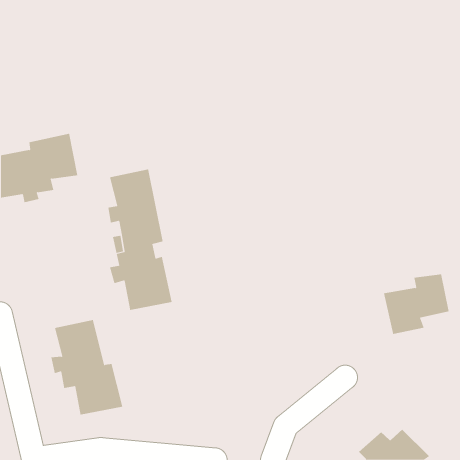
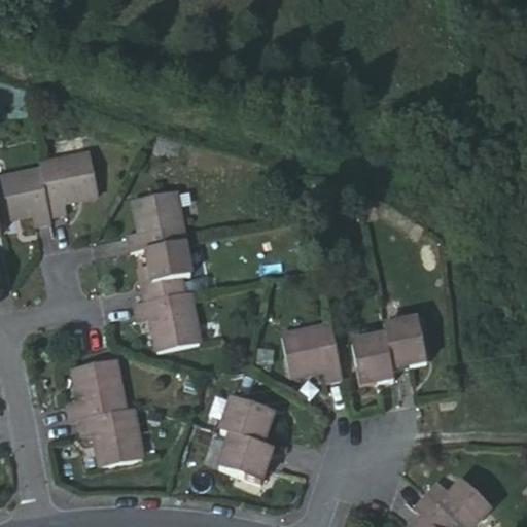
building: [383,274,449,334] -> [349,317,423,385]
building: none -> [284,319,342,379]
building: none -> [217,397,274,480]

